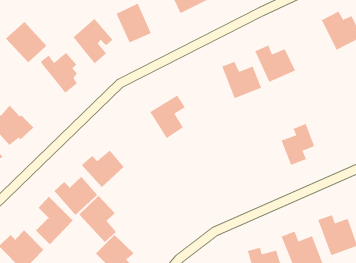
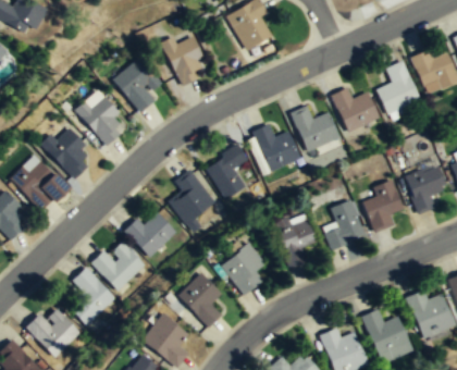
building: [5,21,47,63] -> [45,128,95,178]
building: none -> [375,60,421,115]
building: none -> [252,125,300,173]
building: none -> [405,165,446,213]
building: none -> [168,171,215,226]
building: none -> [324,200,365,250]
building: none -> [274,220,316,270]
building: none -> [220,244,265,297]
building: [78,195,117,243] -> [176,273,222,330]

